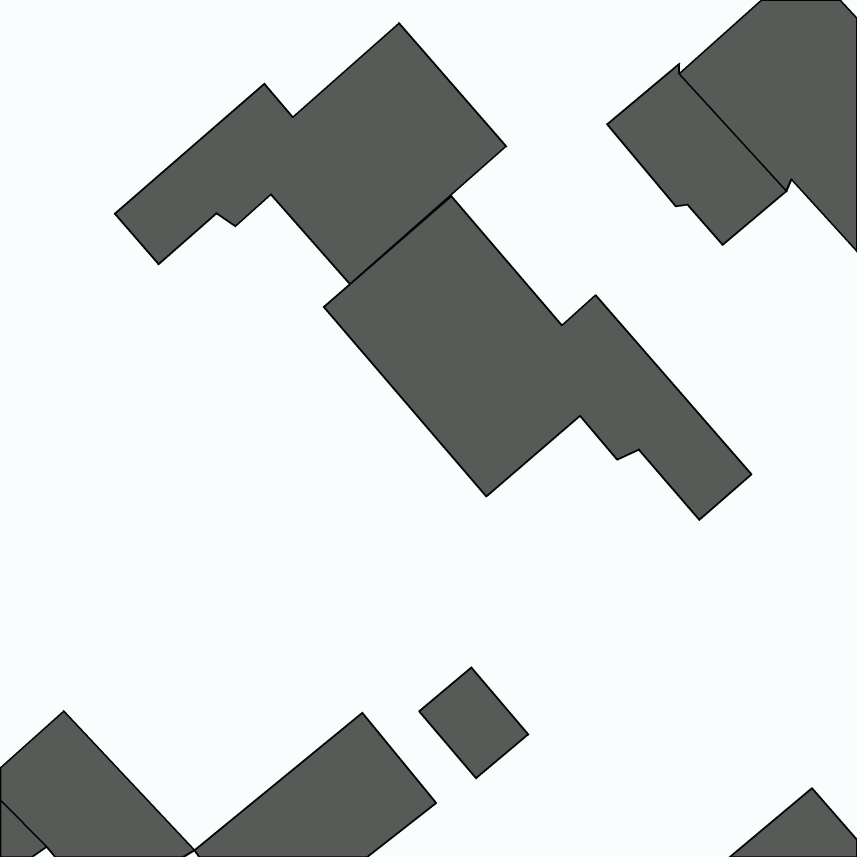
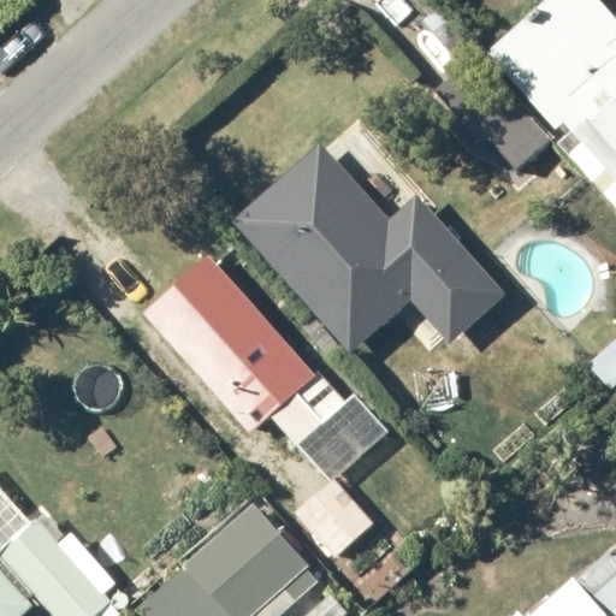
building: [115,23,506,284] -> none
building: none -> [132,241,380,478]

